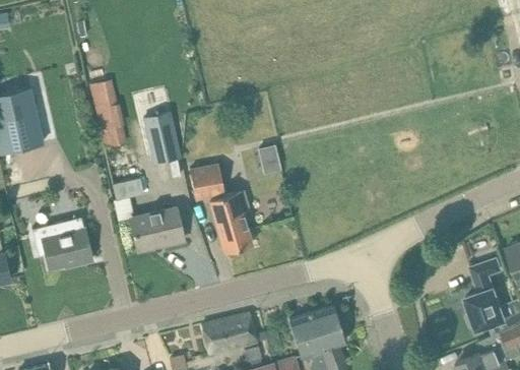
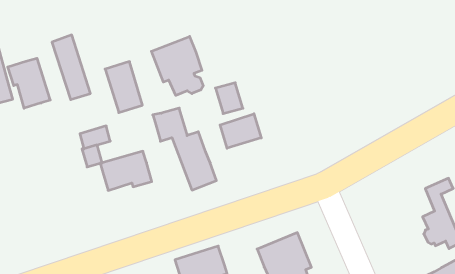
building: none -> [151,36,203,95]
building: none -> [8,58,50,108]
building: none -> [220,114,261,148]
building: [32,218,91,268] -> none

